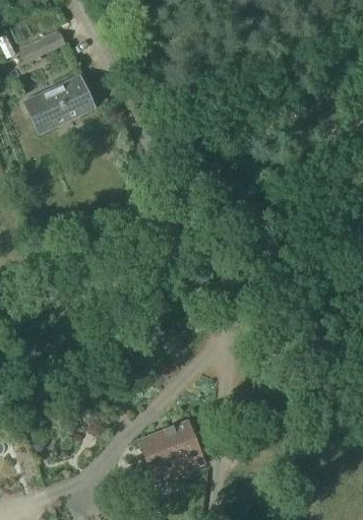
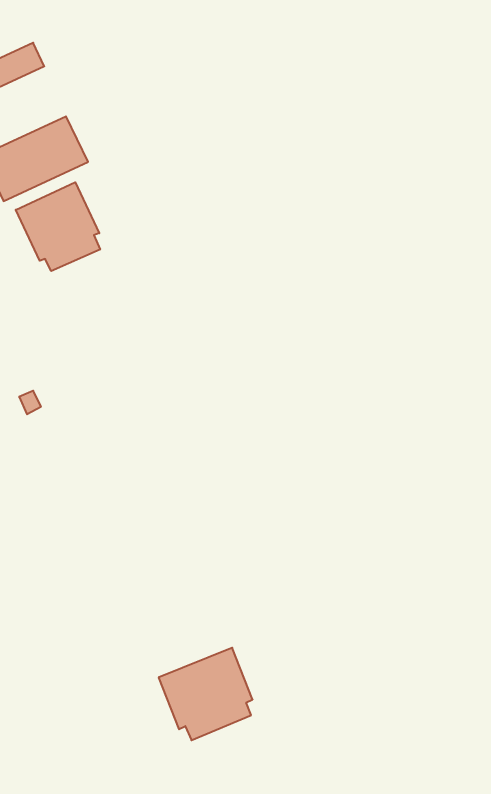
building: none -> [16,182,100,271]

